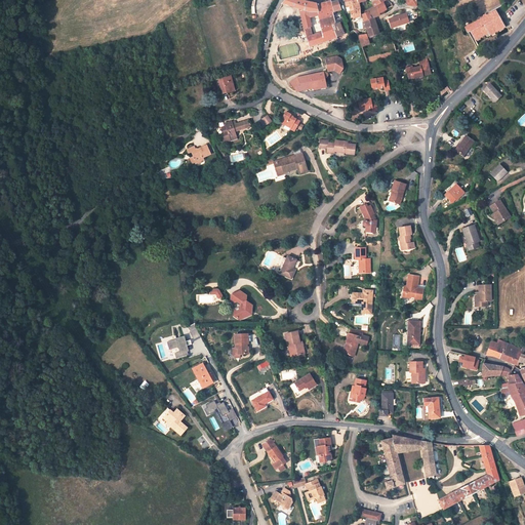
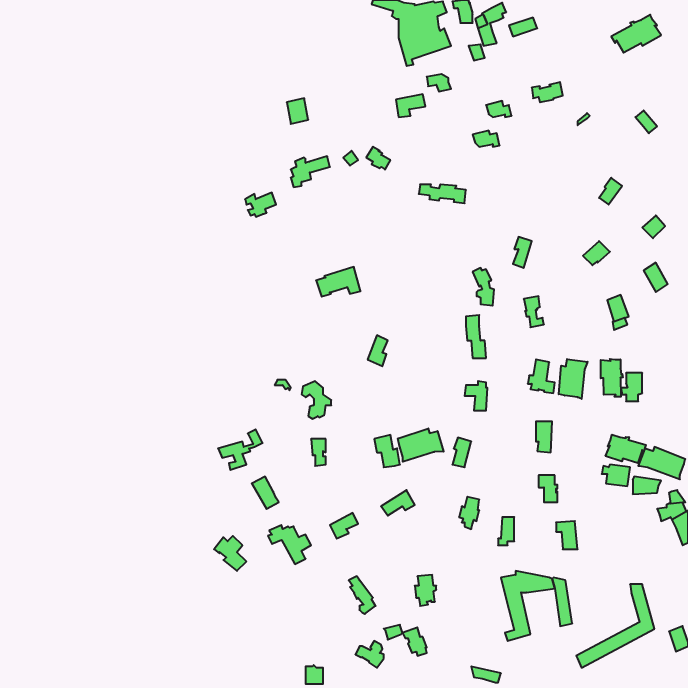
building: [274,153,308,175] -> [316,267,361,297]
building: none -> [601,359,623,397]
building: none -> [559,359,588,399]
building: none -> [398,428,444,462]
building: none -> [606,435,646,463]

